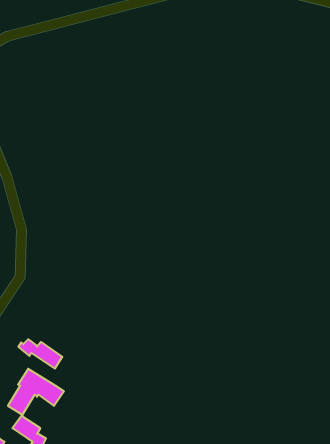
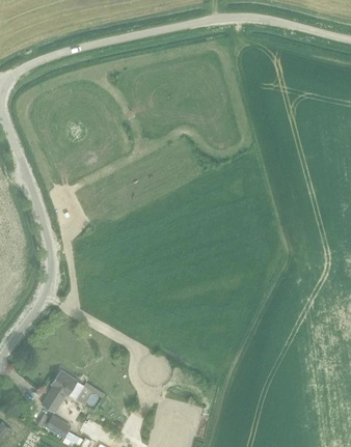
building: [18,339,62,369] -> none

